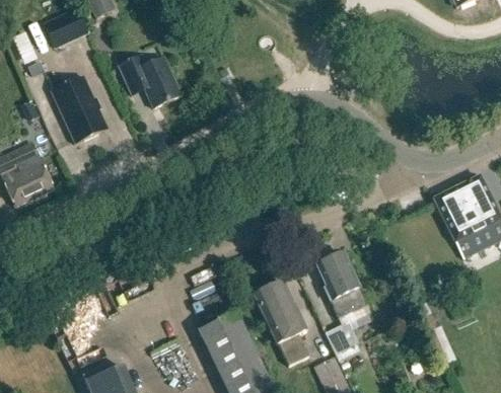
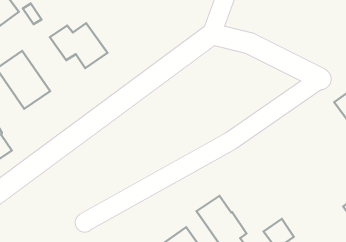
building: [316,253,362,318] -> none

